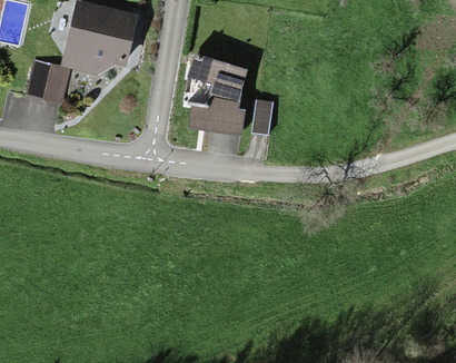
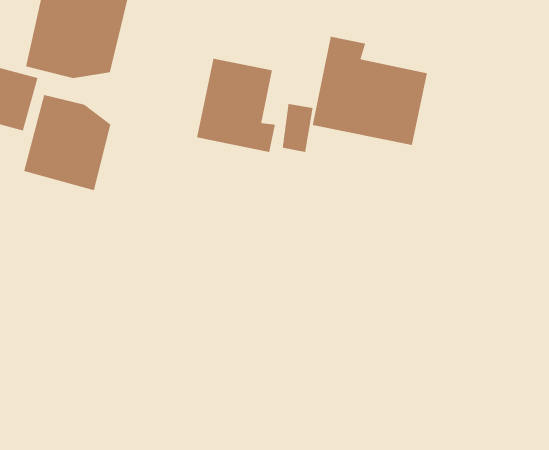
building: none -> [312,36,428,146]
building: none -> [23,94,111,191]

